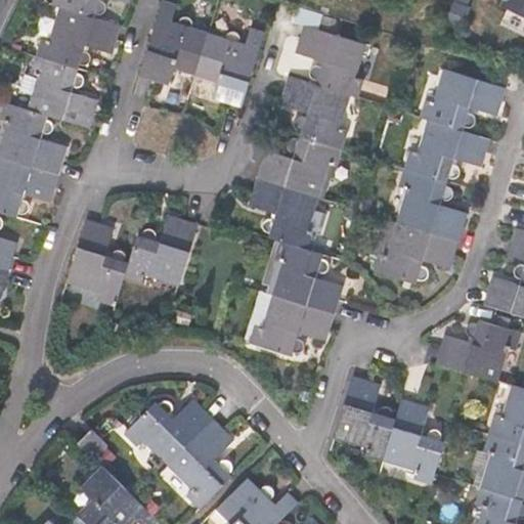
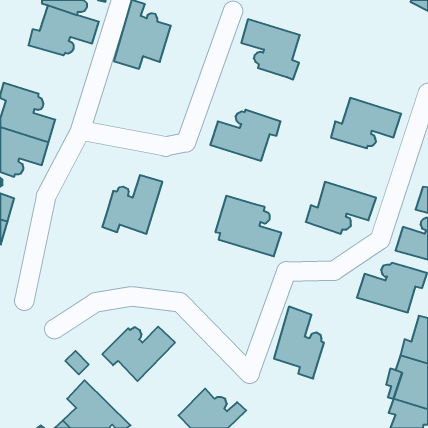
building: [195,27,265,106] -> none
building: [28,55,98,128] -> none
building: [420,69,507,131] -> none
building: [279,75,351,148] -> none
building: [397,168,469,242] -> none
building: [249,177,319,250] -> none
building: [67,218,130,305] -> none
building: [245,291,335,356] -> none
building: [383,398,445,485] -> none
building: [168,419,233,508] -> none

